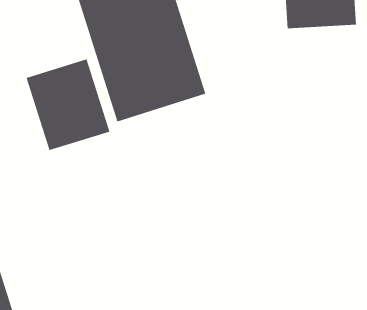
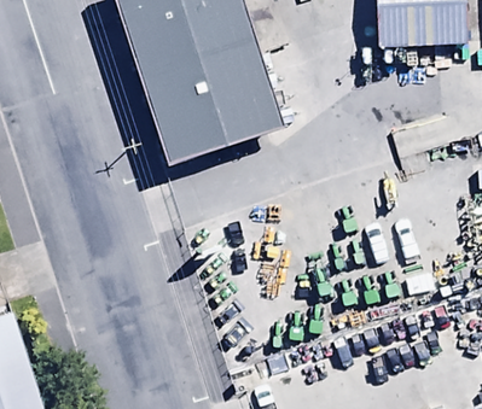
building: [26,59,110,151] -> none

